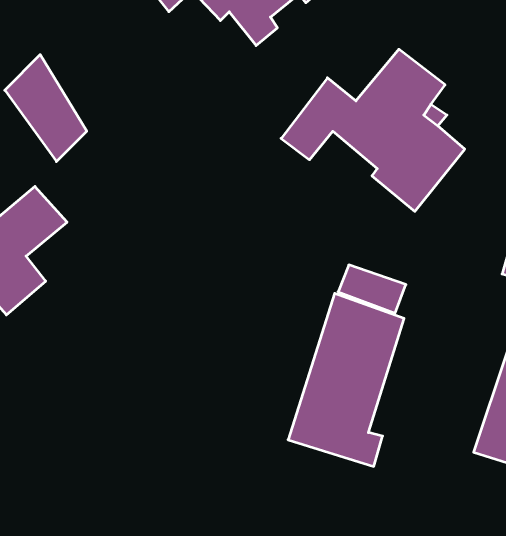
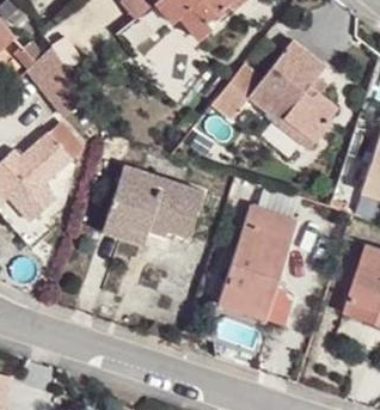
building: none -> [104,166,203,246]

